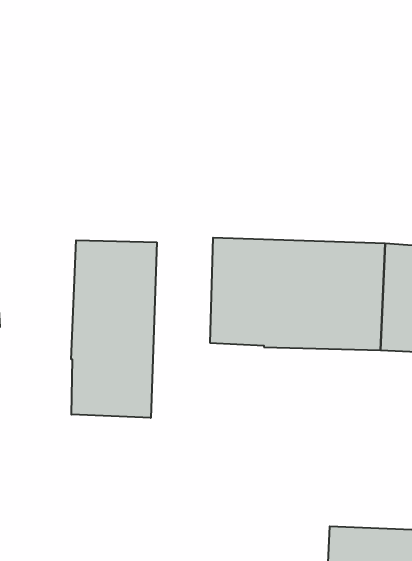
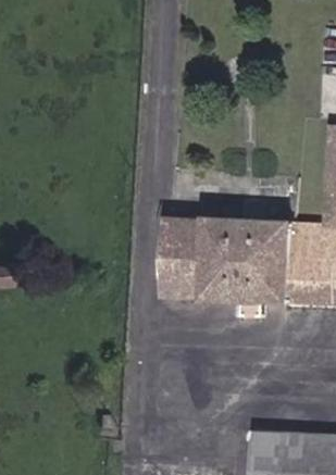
building: [71,240,157,418] -> none

